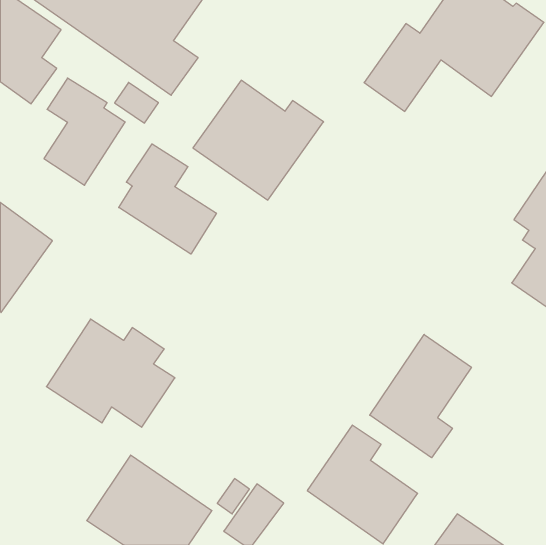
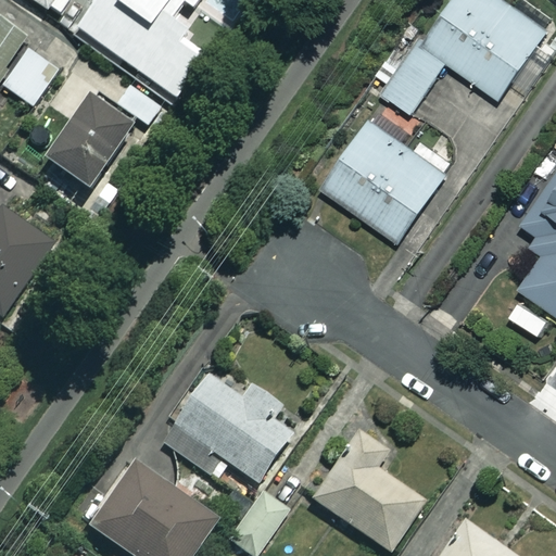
building: [193,80,324,200] -> [321,118,454,240]
building: [119,144,216,254] -> none
building: [46,319,175,427] -> [163,374,293,483]
building: [370,334,471,458] -> none

